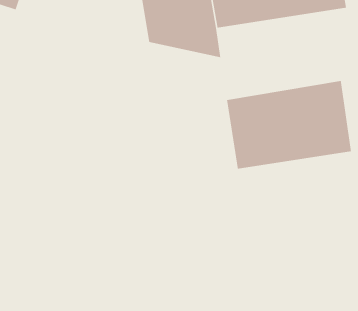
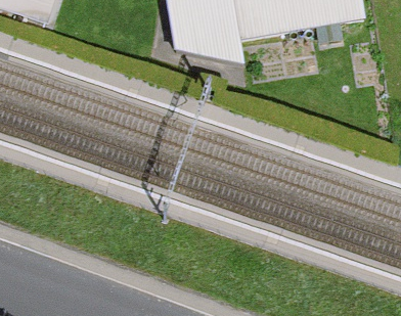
building: [227,80,352,170] -> none

